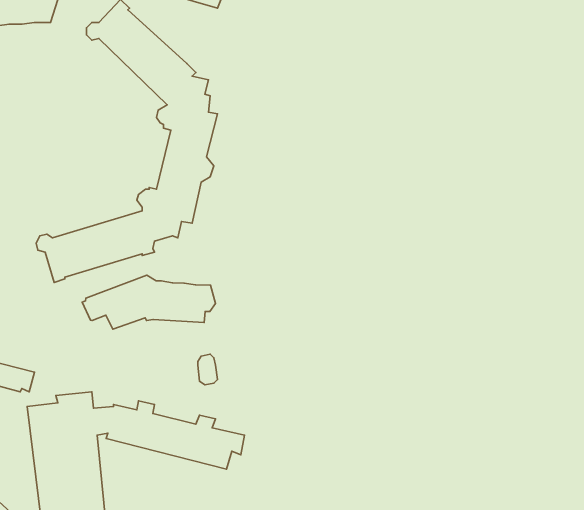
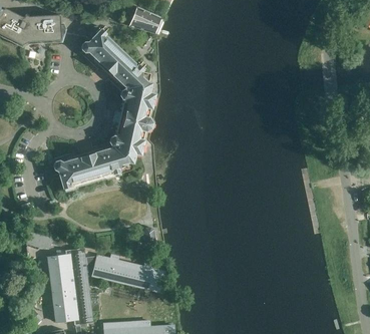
building: [82,275,216,329] -> none

